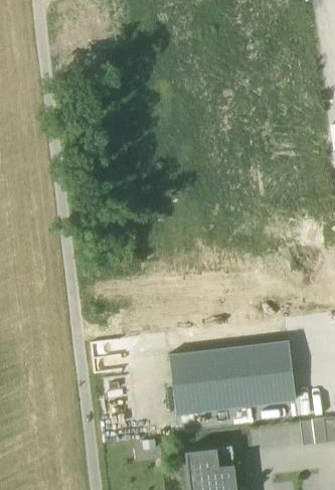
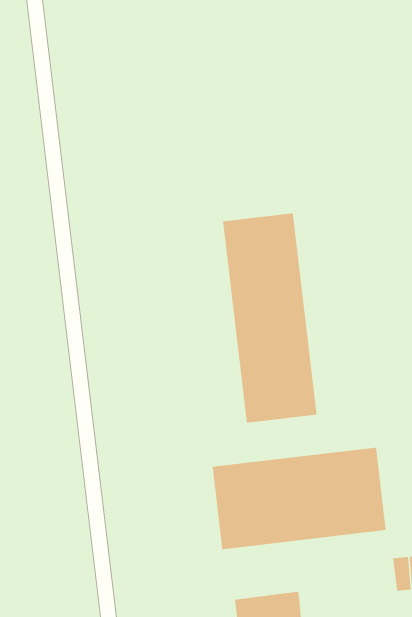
building: none -> [222,212,317,424]

